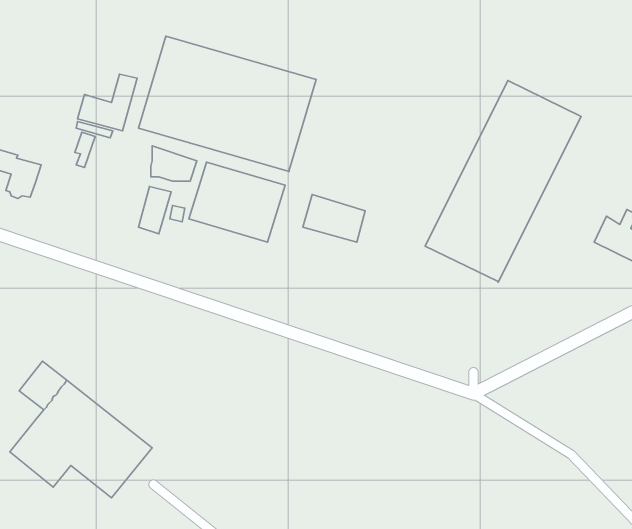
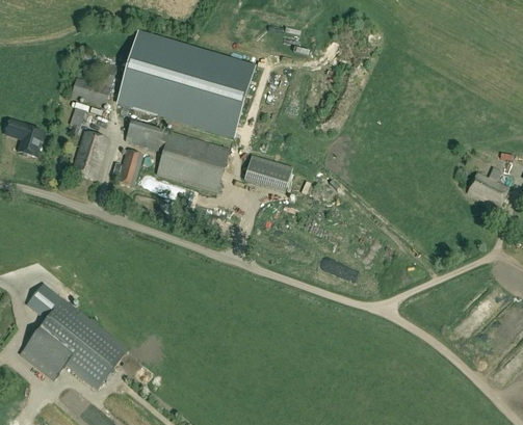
building: [425,81,581,282] -> none
building: none -> [71,130,108,180]

